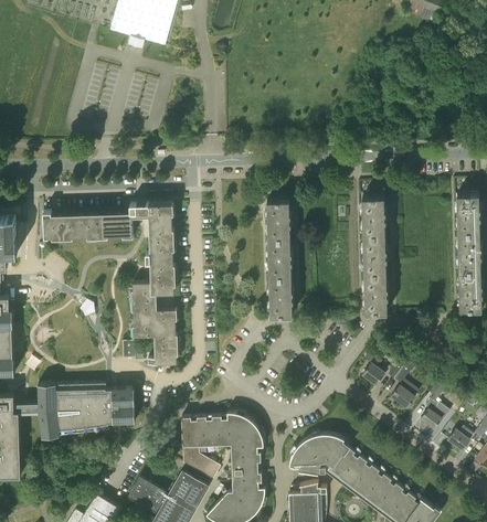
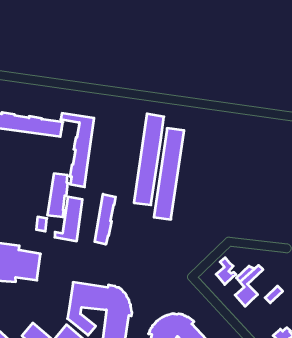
building: [361,199,387,315] -> [134,114,164,205]
building: none -> [95,194,116,244]
building: [420,400,449,430] -> none

